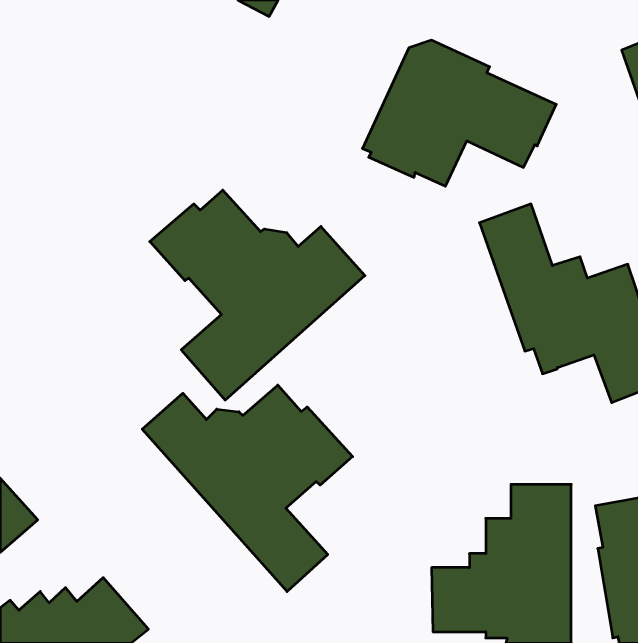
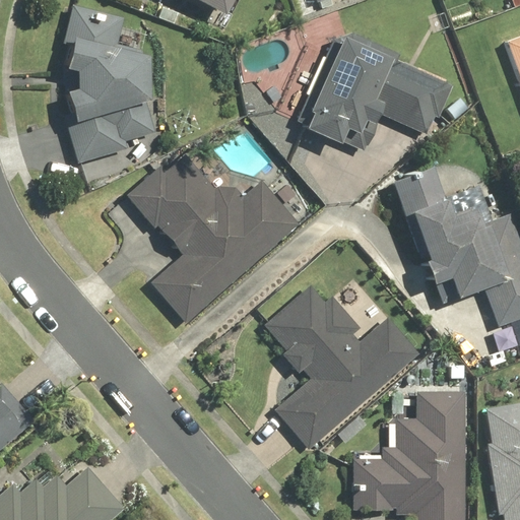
building: none -> [63,4,156,162]
building: none -> [265,284,420,449]
building: [142,385,353,592] -> none

